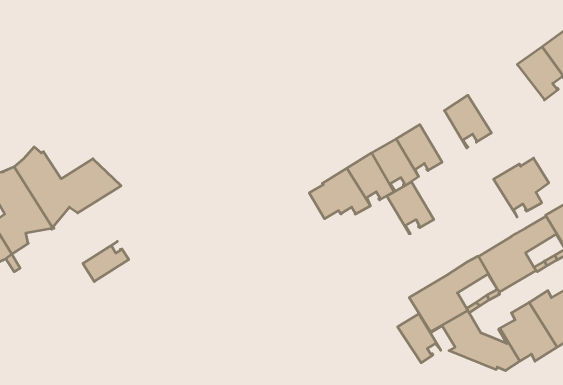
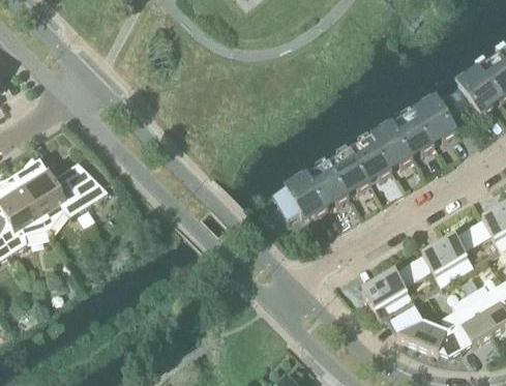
building: [494,158,549,217] -> [414,92,463,144]
building: [387,182,434,234] -> [371,124,413,170]
building: [83,241,129,282] -> none
building: [398,314,441,363] -> none

